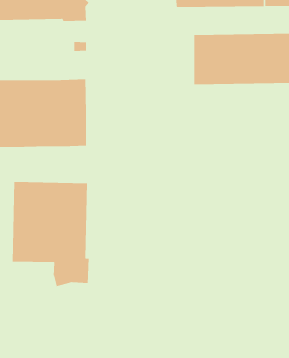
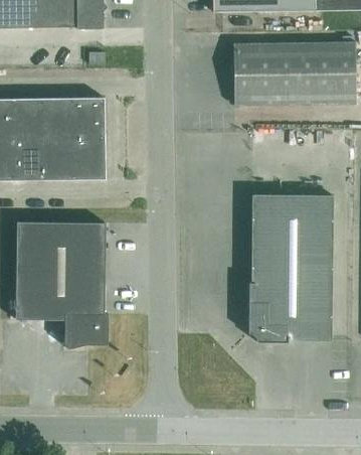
building: none -> [249,194,334,341]

